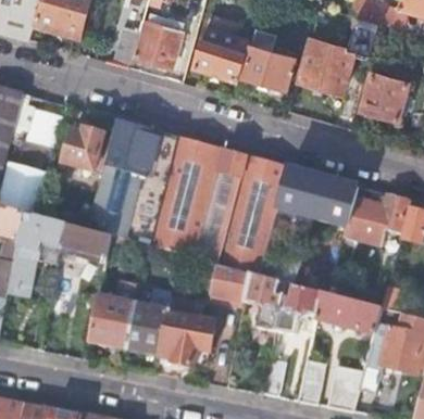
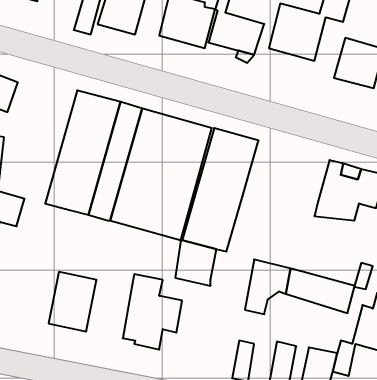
building: [62,128,103,170] -> none
building: [274,168,357,229] -> none
building: [59,224,110,263] -> none
building: [244,271,285,329] -> none
building: [125,301,169,356] -> none

